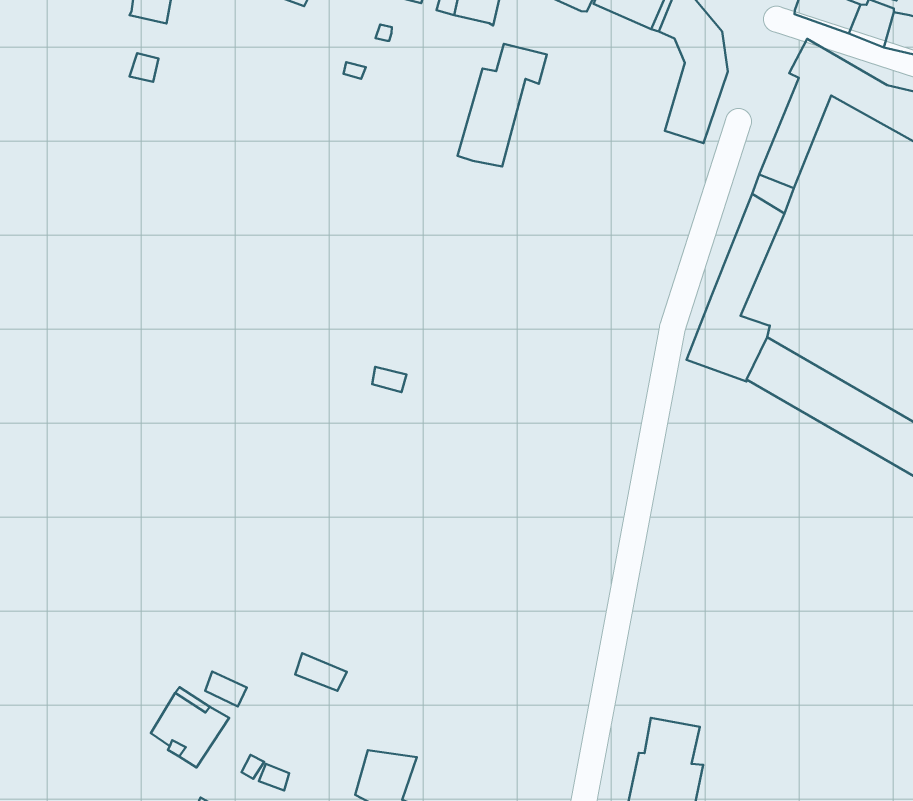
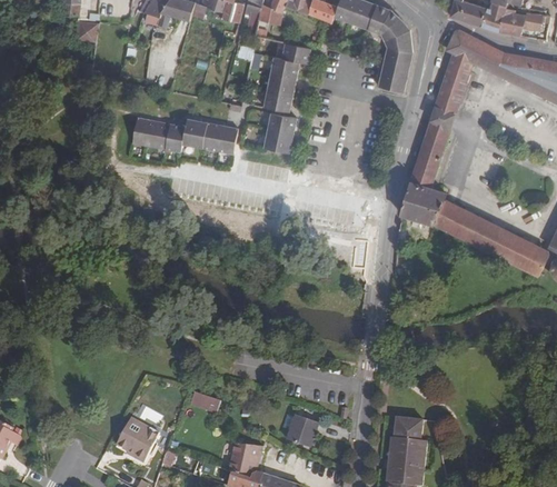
building: none -> [132,116,238,152]
building: none -> [263,113,297,153]
building: none -> [287,416,316,447]

